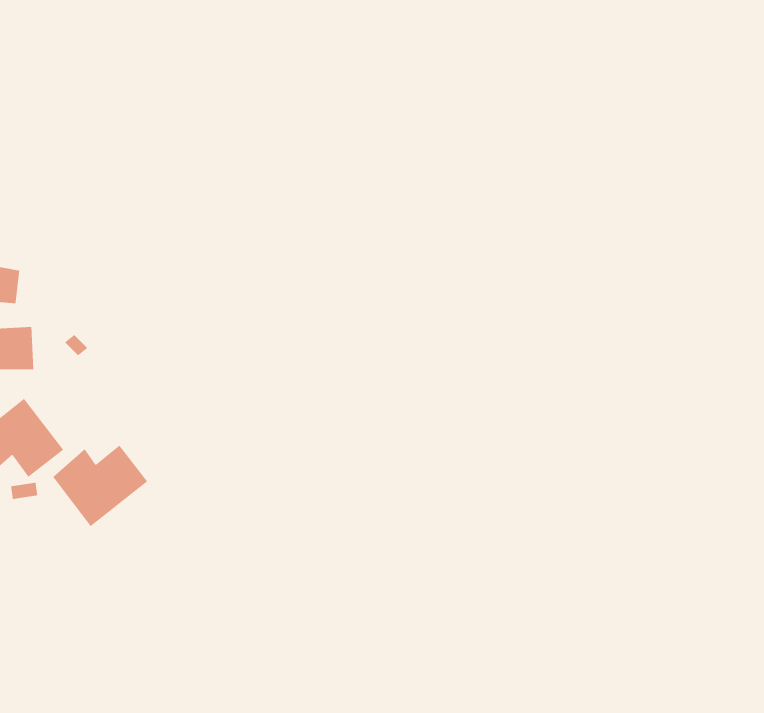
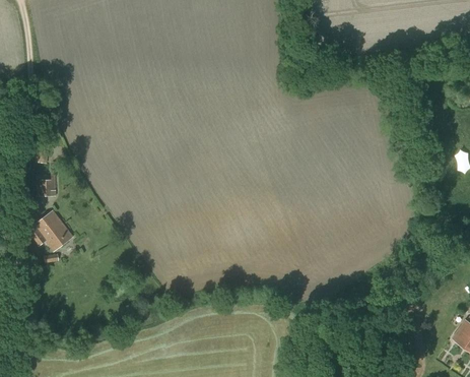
building: [52,444,148,527] -> none

